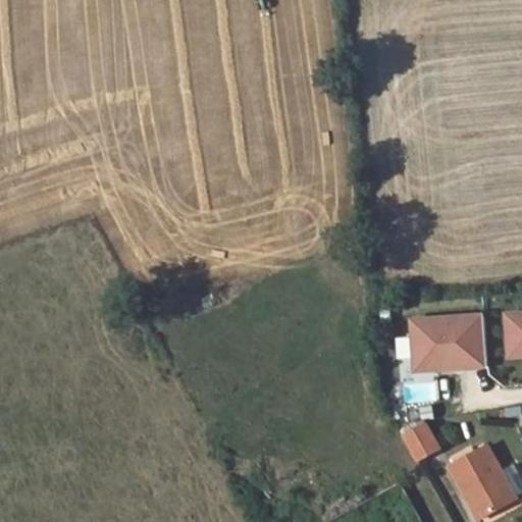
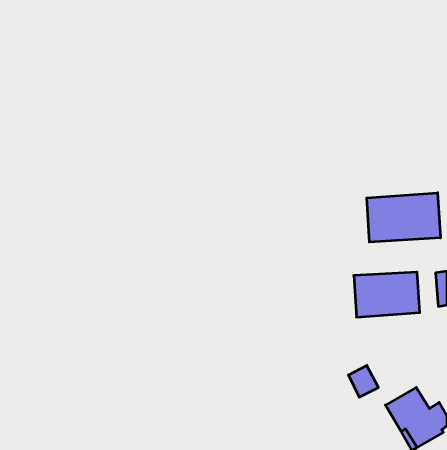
building: none -> [367,193,440,242]

